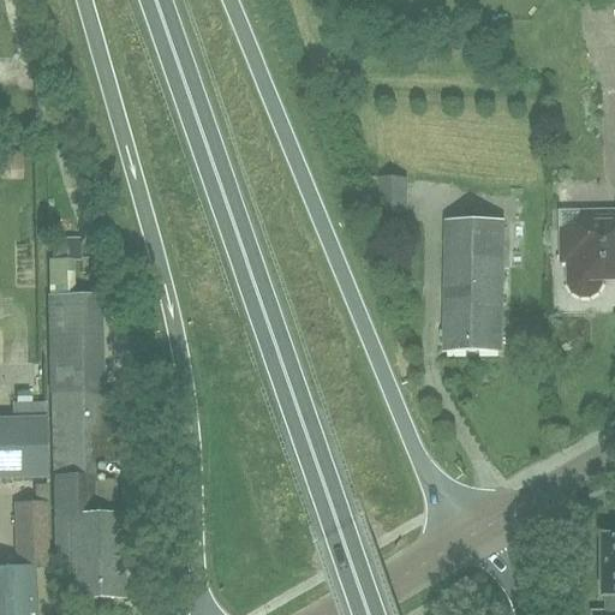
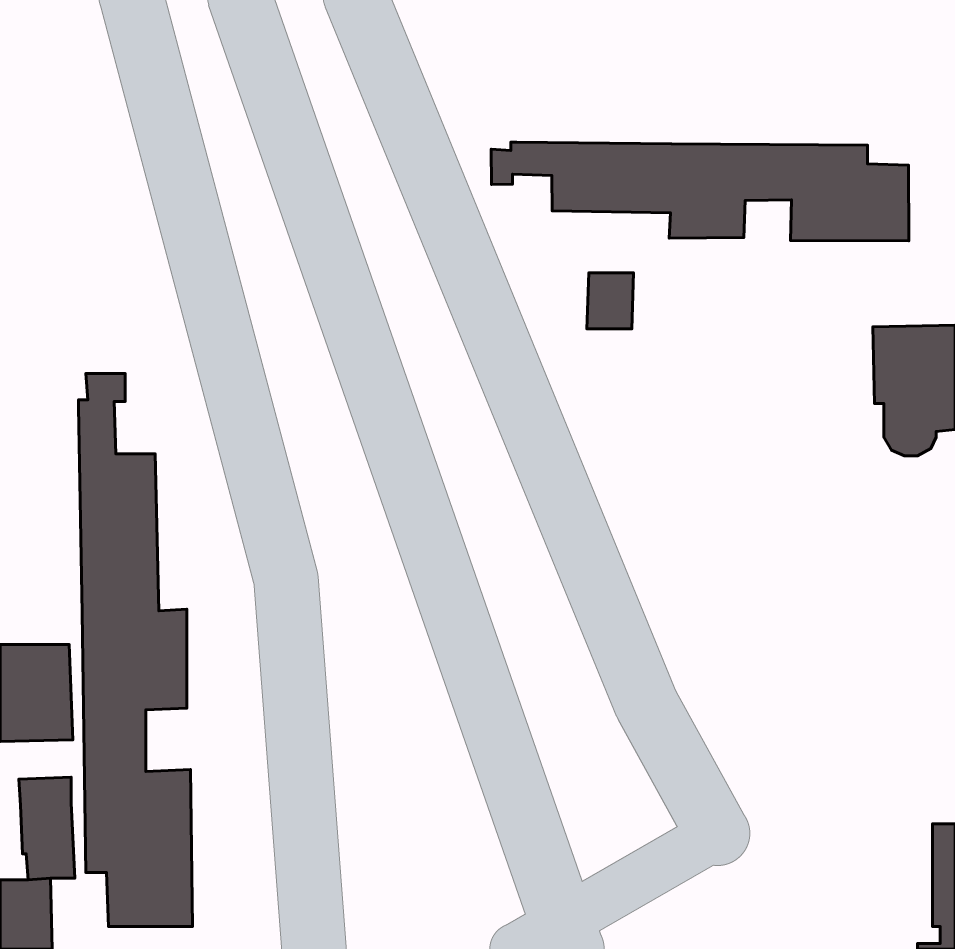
building: none -> [491,142,909,241]
building: [444,217,504,348] -> none

